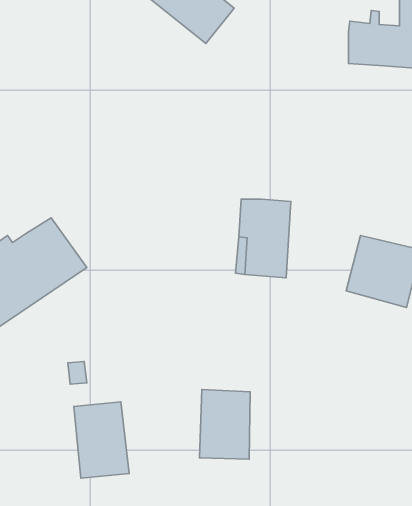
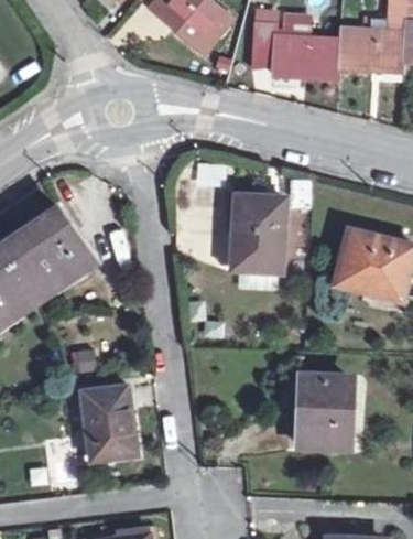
building: none -> [248,23,339,79]
building: [199,390,250,459] -> [304,377,351,442]

